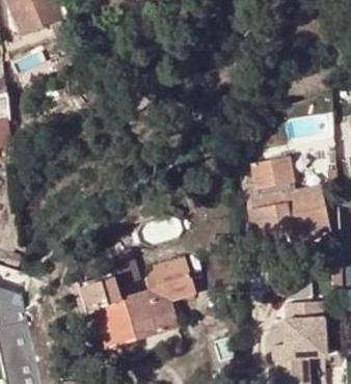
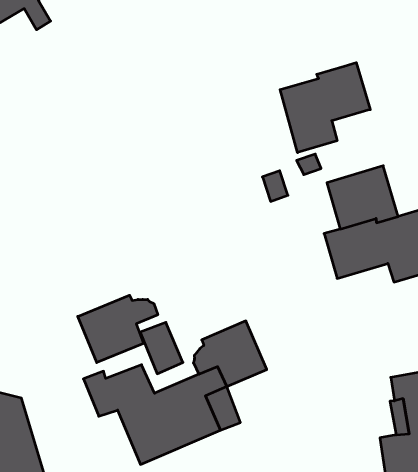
building: none -> [280,63,370,153]
building: none -> [78,295,158,363]

